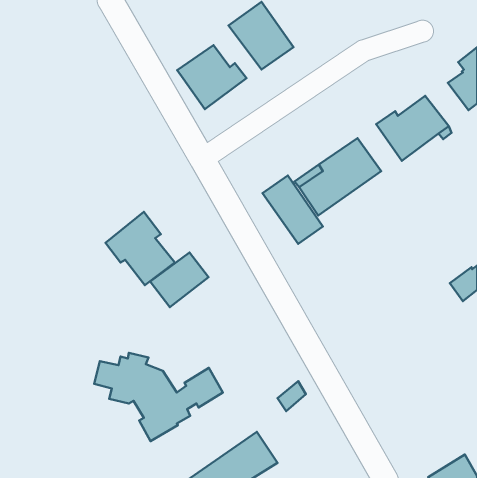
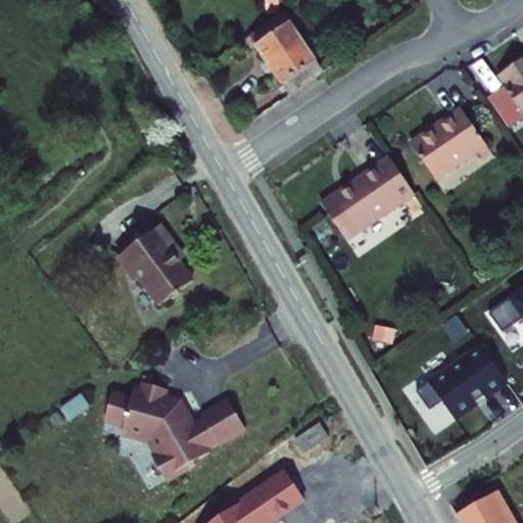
building: [177,45,246,109] -> none
building: [263,175,323,244] -> none
building: [150,252,209,307] -> none
building: none -> [418,342,509,418]

